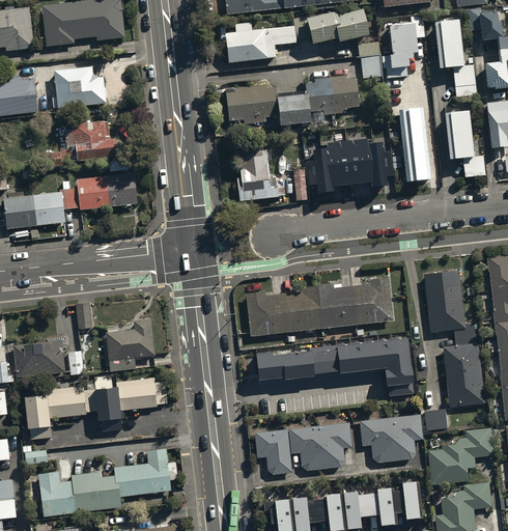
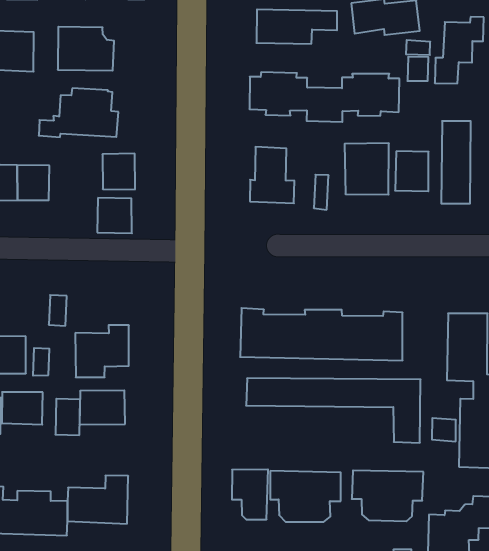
building: [78,175,111,208] -> [97,198,132,233]
building: [425,409,448,428] -> [432,418,456,441]

